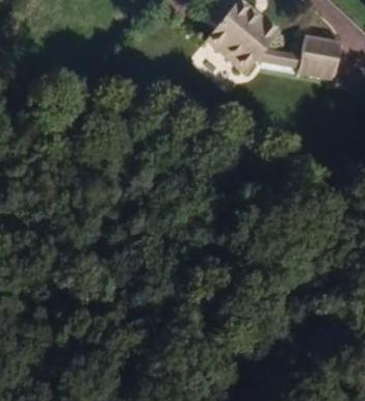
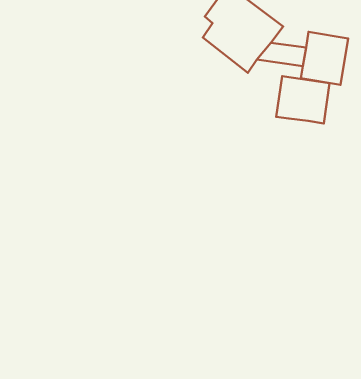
building: none -> [276,76,330,124]

